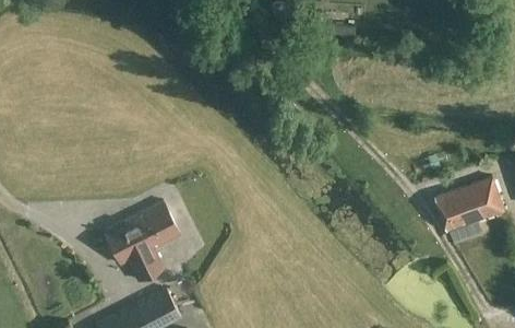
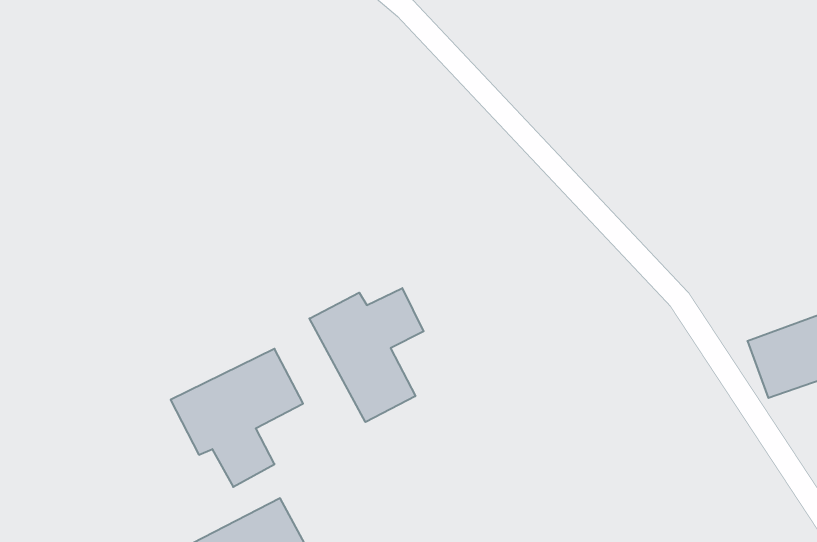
building: none -> [309,288,424,422]

